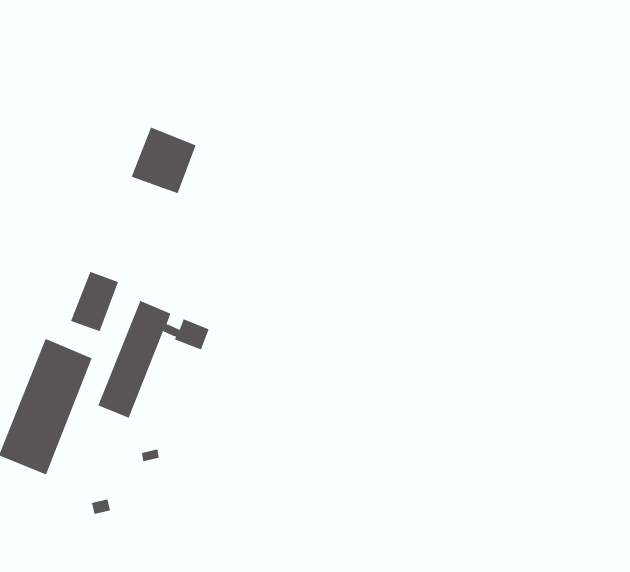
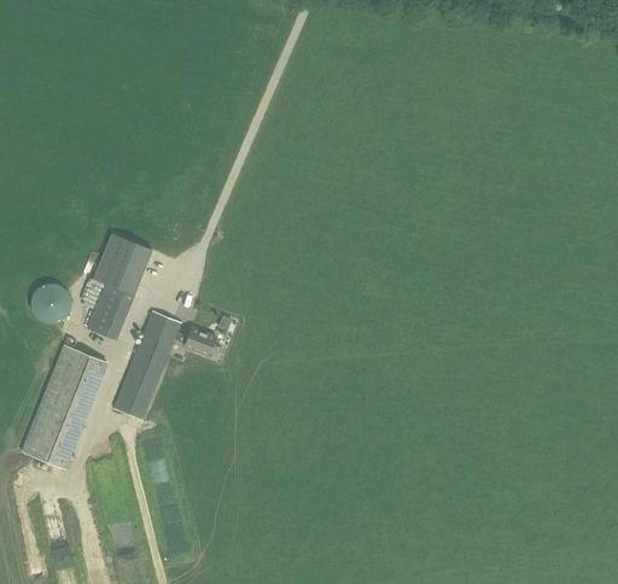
building: [131,127,197,194] -> [89,232,150,293]
building: none -> [31,285,71,325]

